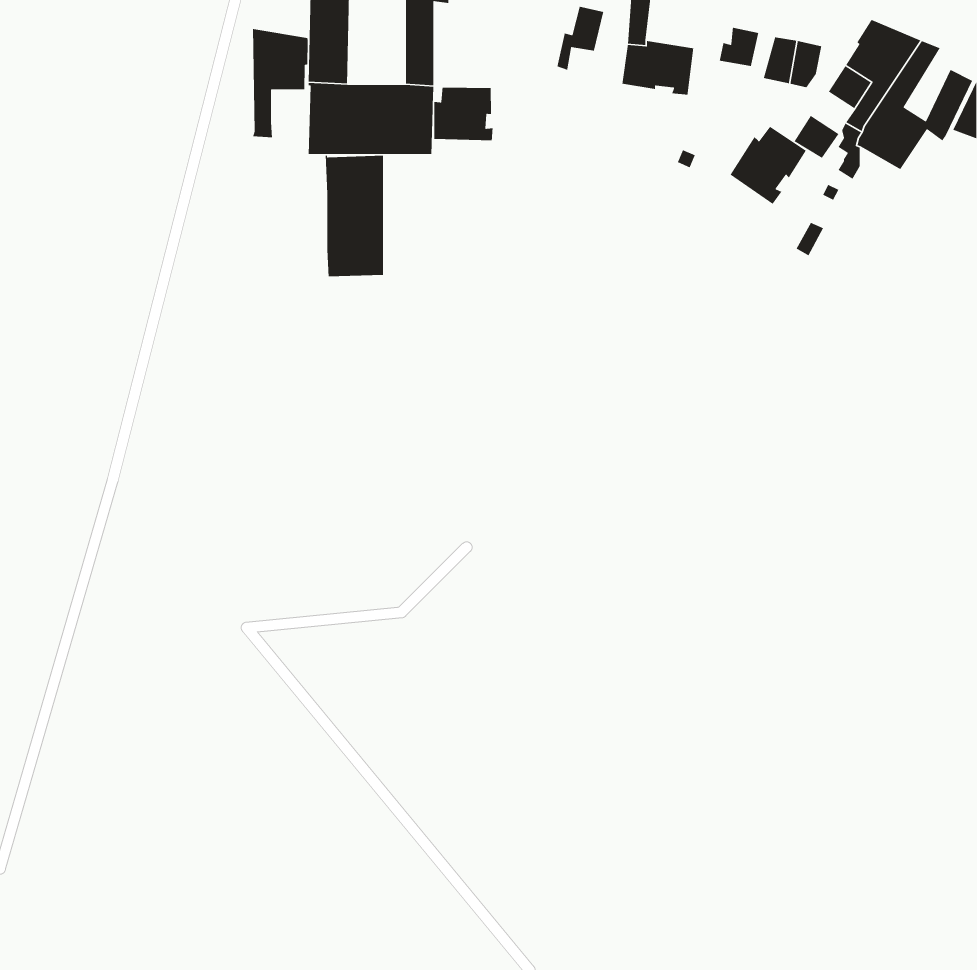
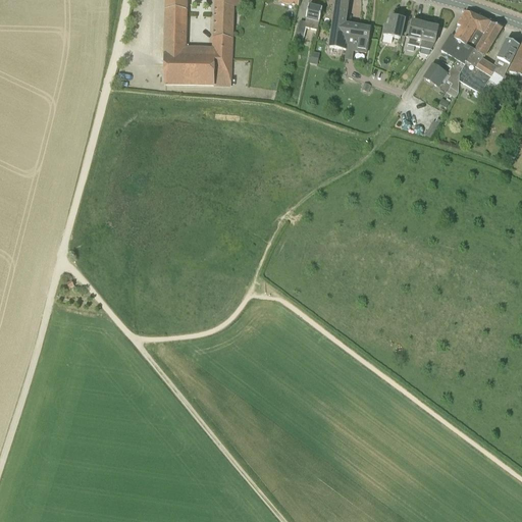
building: [252,28,308,138] -> none
building: [434,87,493,141] -> none
building: [729,126,807,205] -> none
building: [325,155,384,277] -> none

